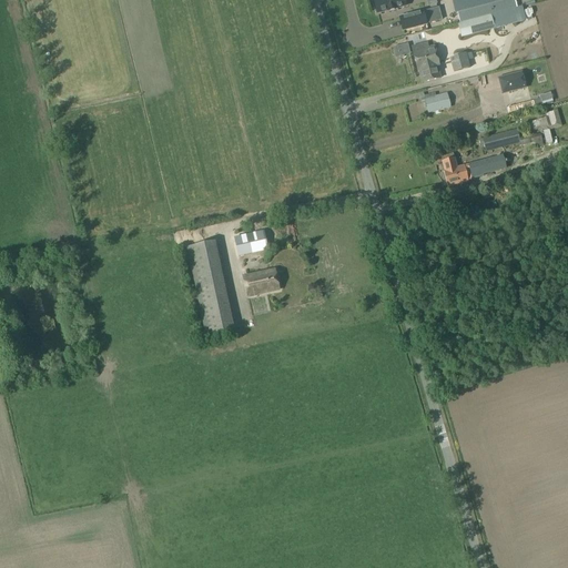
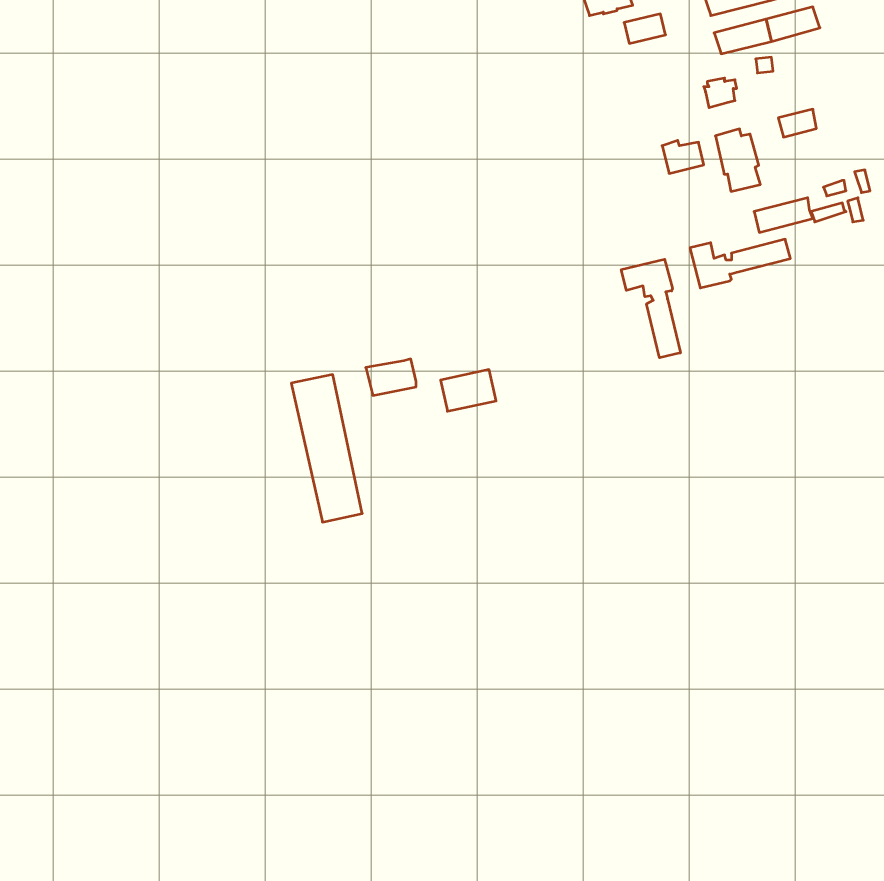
building: [413,40,442,80] -> [715,129,760,191]
building: none -> [621,259,680,358]
building: [244,267,280,294] -> [441,370,496,411]

